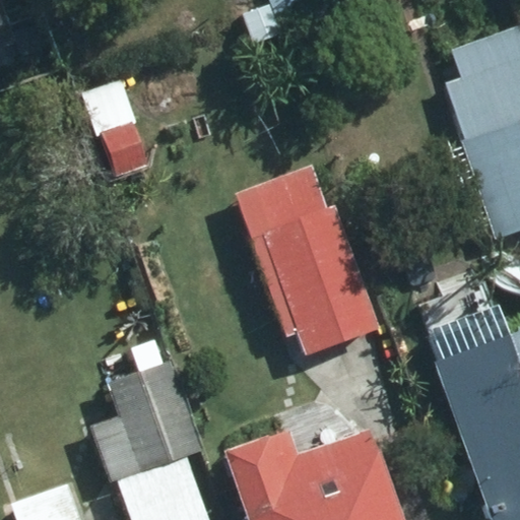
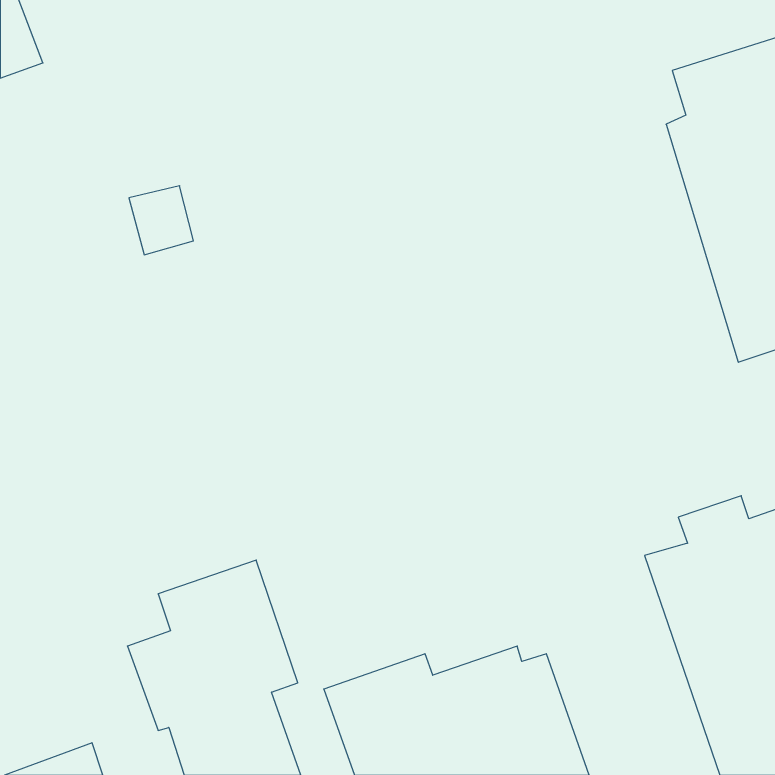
building: [254,166,379,356] -> none

